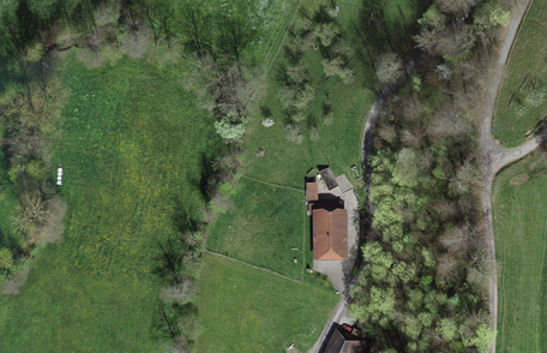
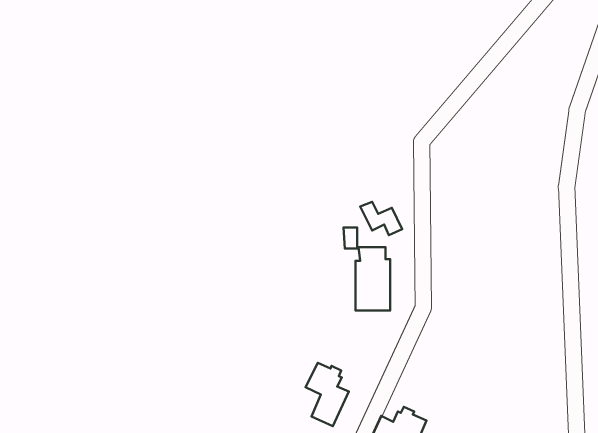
building: none -> [306,363,349,426]

